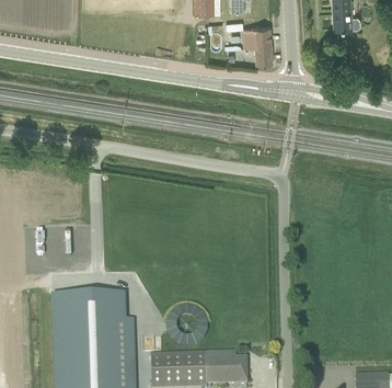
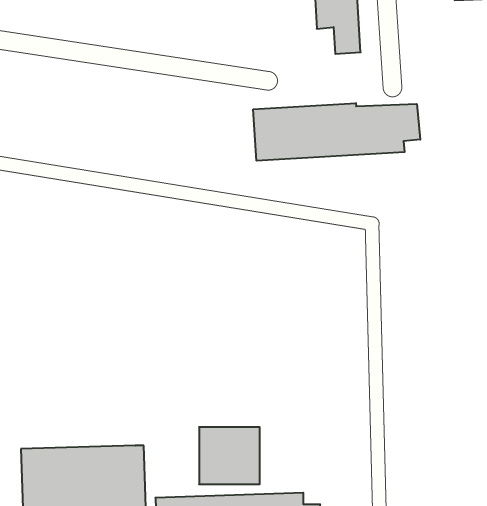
building: none -> [253,103,420,161]
building: [51,293,126,319] -> none

